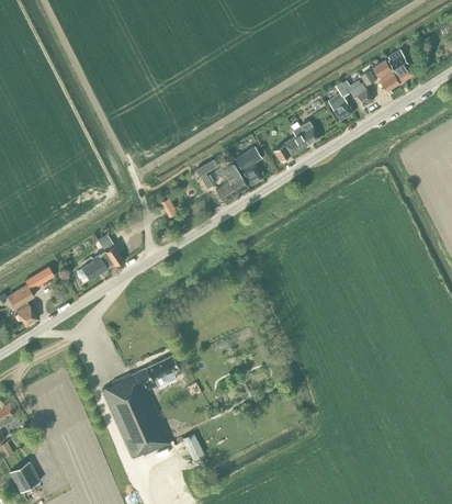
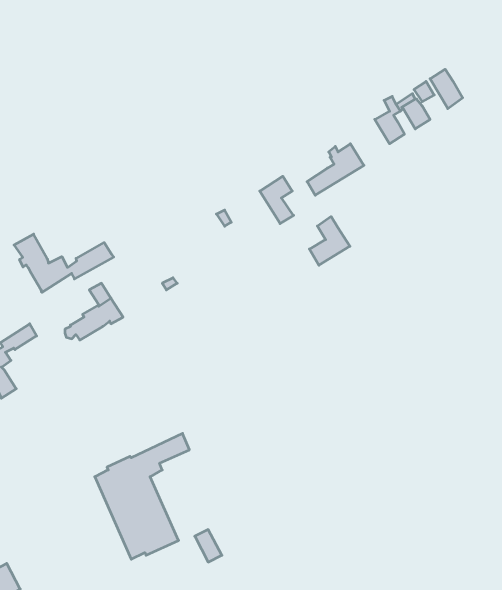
building: [388,48,414,81] -> none
building: [215,163,248,202] -> [309,217,350,265]
building: none -> [14,234,114,292]

